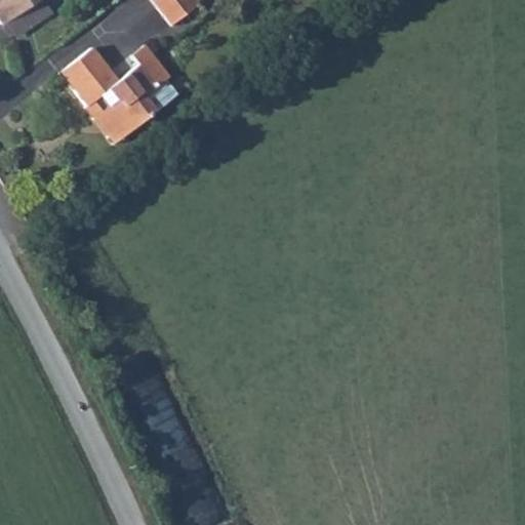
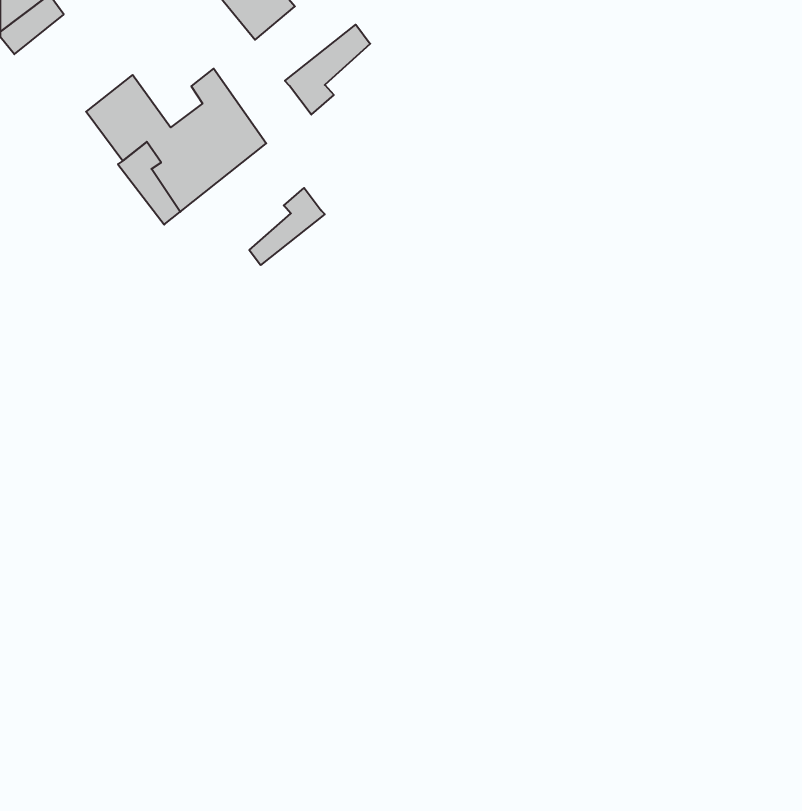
building: none -> [285,25,370,115]
building: none -> [249,188,325,265]

